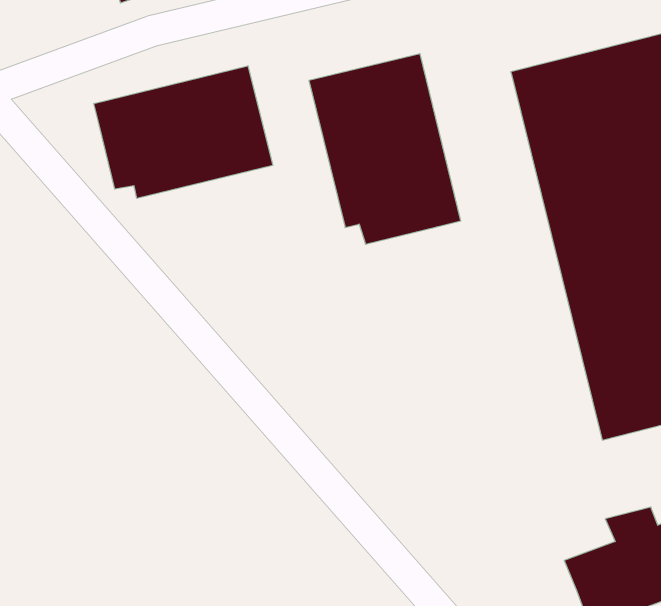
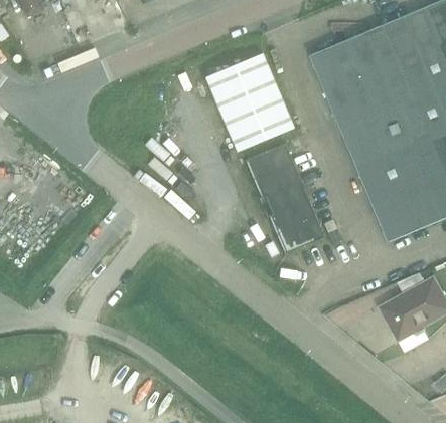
building: [94,66,273,198] -> none
building: none -> [244,143,323,253]

